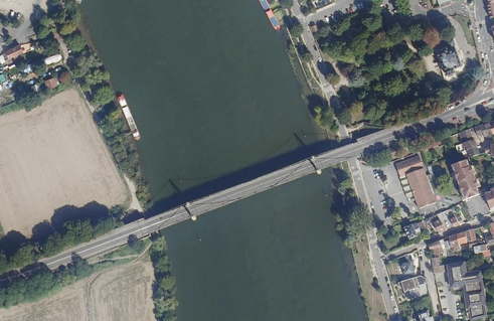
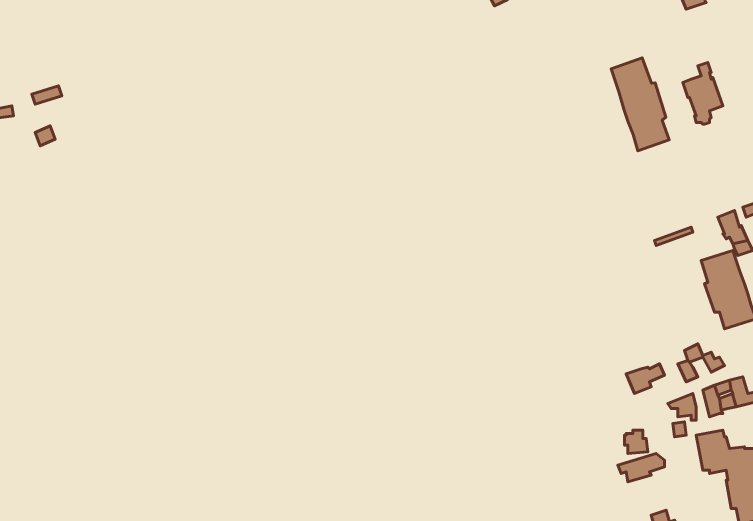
building: none -> [611,58,669,151]
building: [393,154,437,208] -> none

